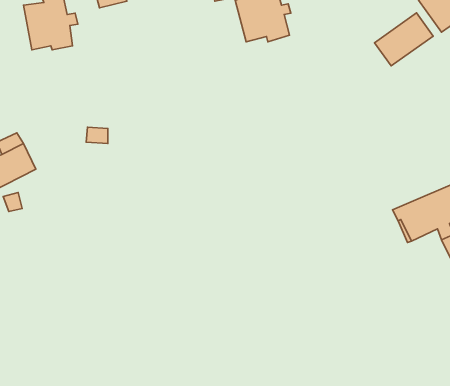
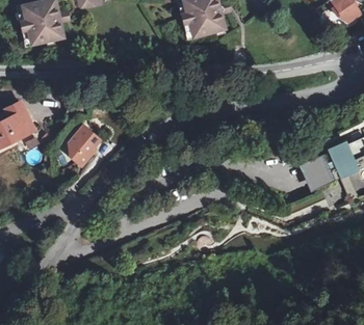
building: [374,13,433,66] -> none
building: none -> [70,125,99,165]

